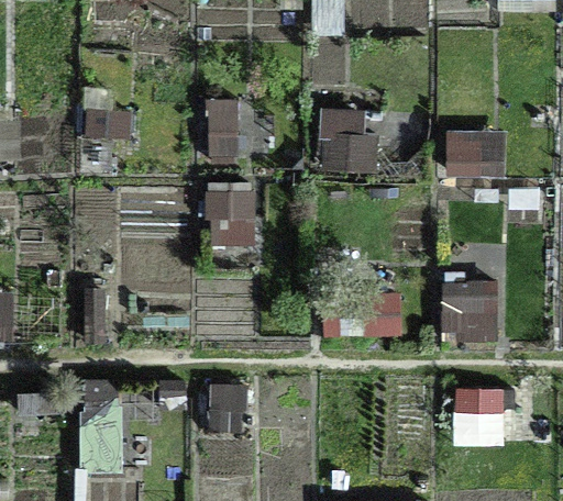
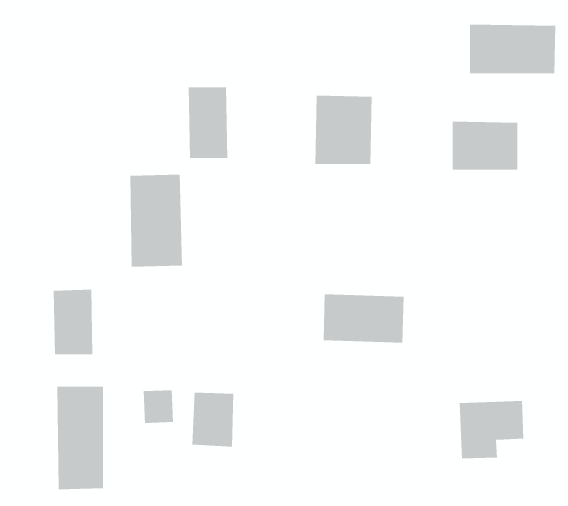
building: none -> [469,24,556,74]
building: [203,181,253,268] -> [130,174,183,267]
building: [443,279,498,346] -> none

